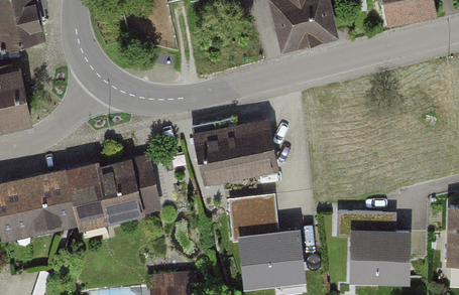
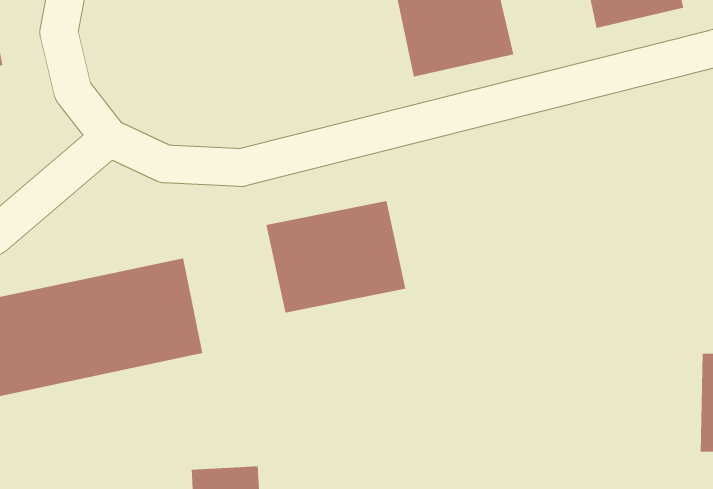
building: [231,193,277,228] -> none
building: [335,212,411,284] -> none
building: [242,234,301,283] -> none

